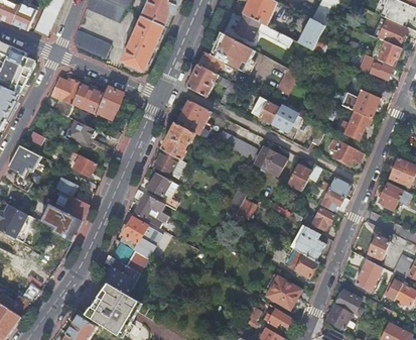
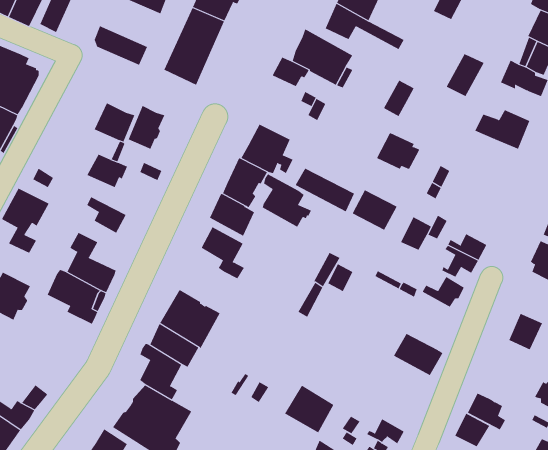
building: [297,18,324,49] -> [446,53,484,97]
building: [186,65,218,97] -> none
building: [51,78,81,116] -> none
building: [252,96,280,123] -> none
building: [337,110,372,139] -> none
building: [329,137,363,164] -> none
building: [133,189,168,227] -> [262,173,312,227]
building: [290,224,324,259] -> none
building: [356,258,382,291] -> none
building: [265,274,300,309] -> [284,385,334,433]

